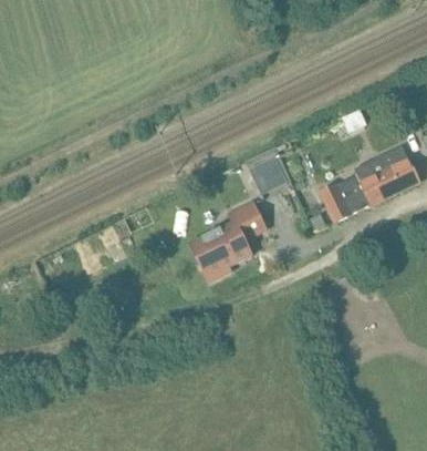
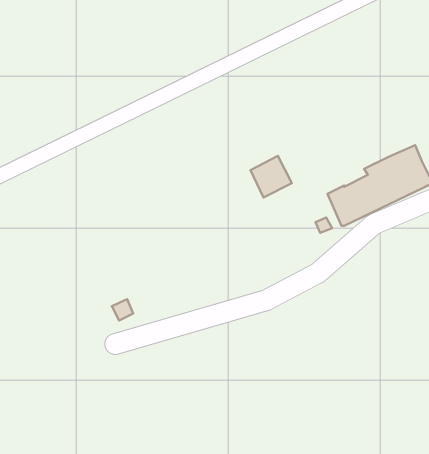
building: [191,202,263,280] -> none

